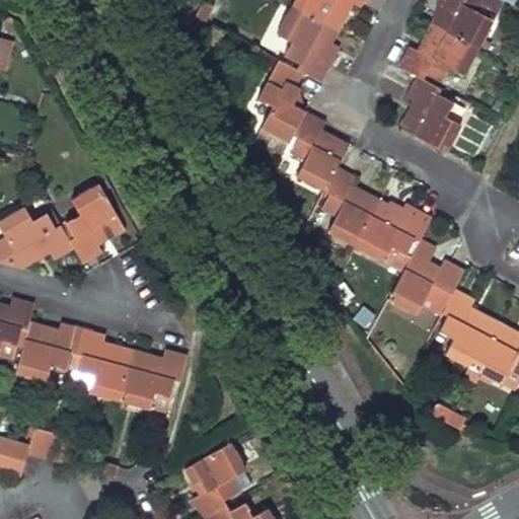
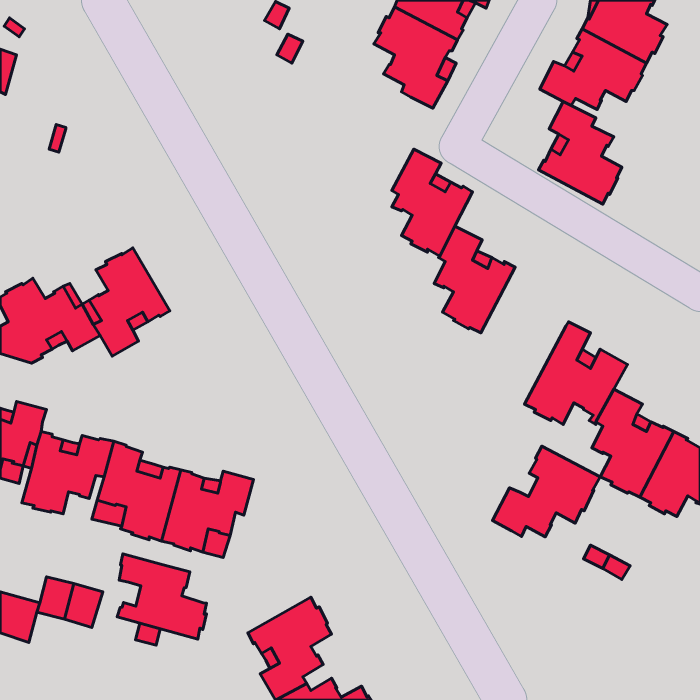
building: [257,59,306,141] -> none
building: [356,198,432,261] -> none
building: none -> [492,446,600,537]
building: none -> [117,554,206,639]

